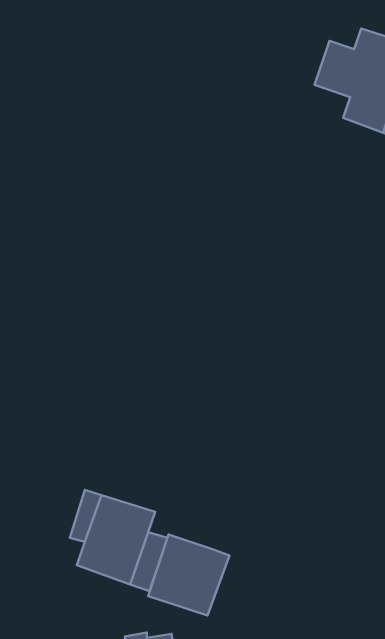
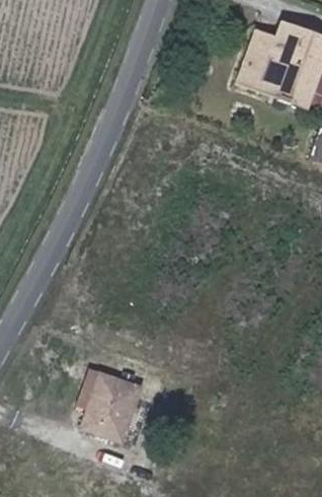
building: none -> [236,23,292,94]
building: [148,534,230,616] -> none

